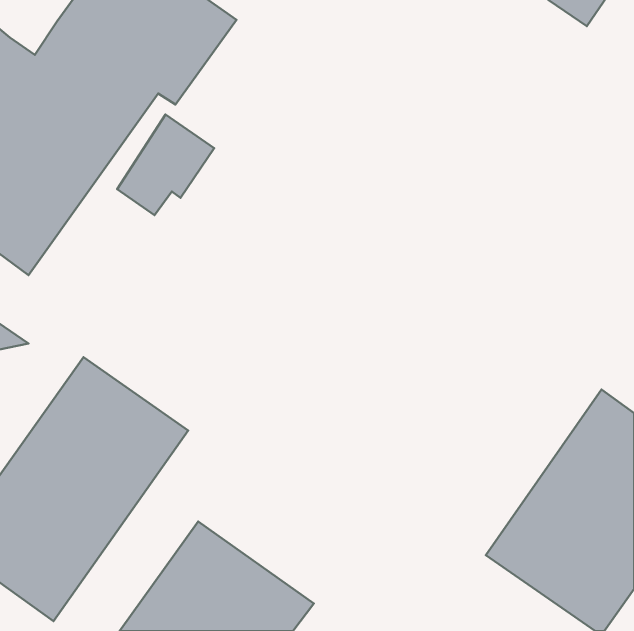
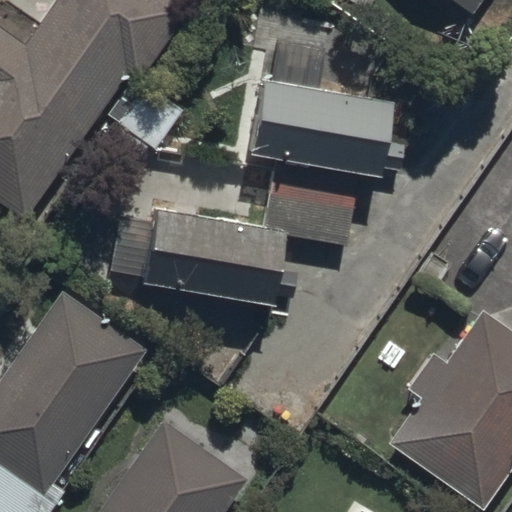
building: none -> [243,74,398,178]
building: none -> [141,166,363,306]

